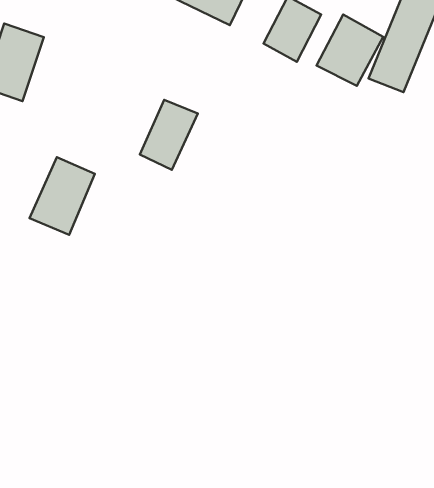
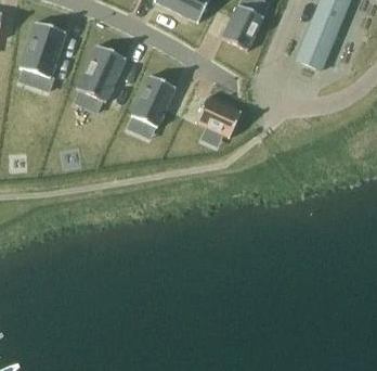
building: [317,15,383,86] -> none
building: none -> [197,97,240,137]
building: [29,157,95,235] -> [77,46,123,101]

